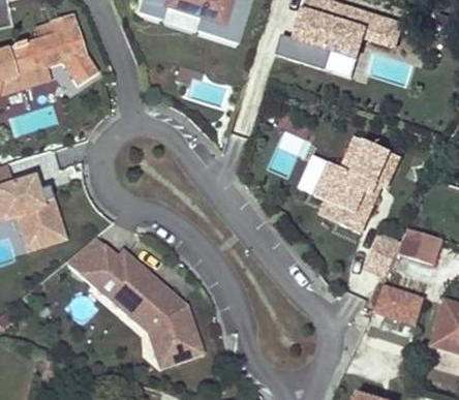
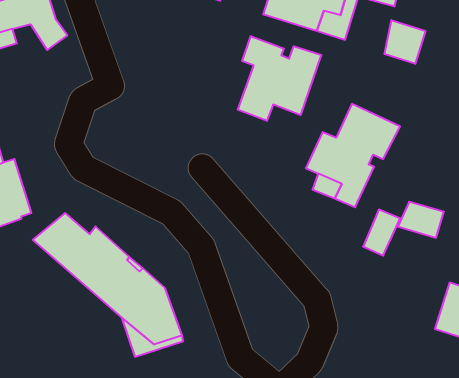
building: none -> [384,20,425,64]
building: none -> [238,36,321,121]
building: [376,282,426,322] -> none

